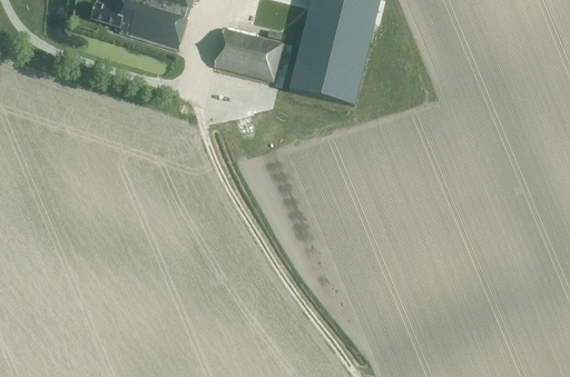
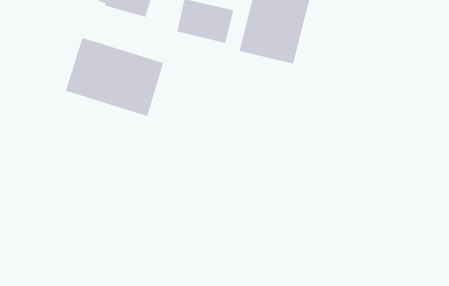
building: none -> [65,37,164,117]

